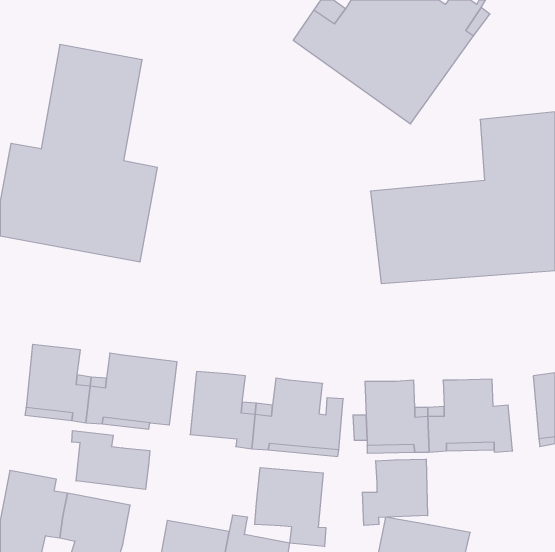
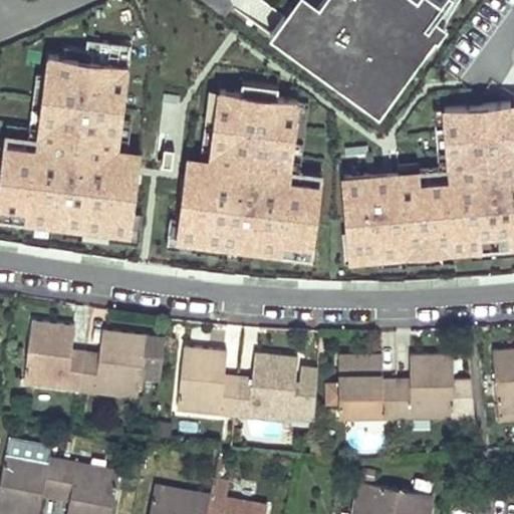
building: none -> [168,92,320,268]
building: [72,431,150,489] -> none
building: [362,459,428,525] -> none
building: [255,468,326,547] -> none

